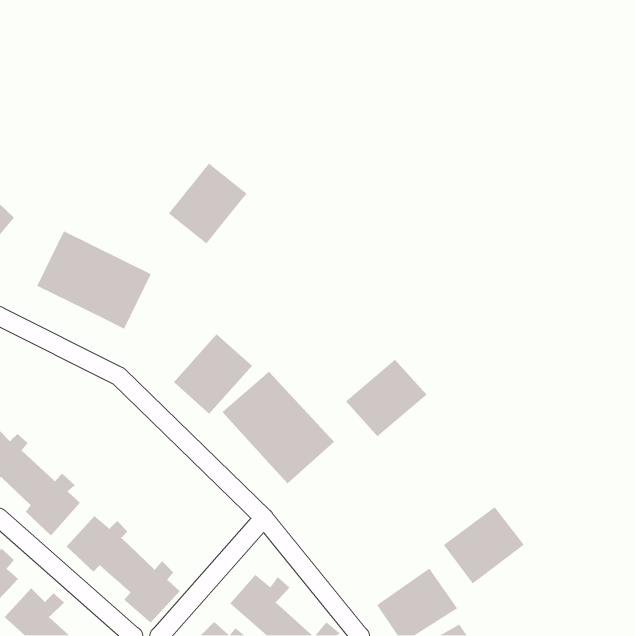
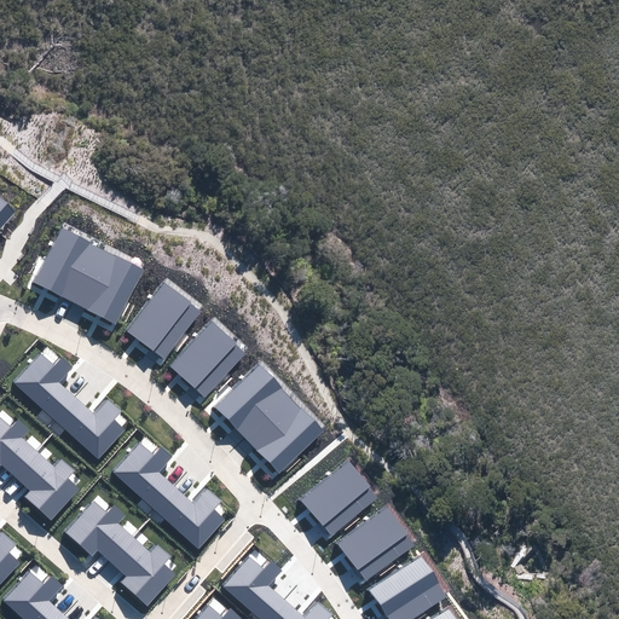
building: [168,162,248,245] -> [126,278,203,358]
building: [345,359,427,437] -> [297,458,377,534]
building: none -> [13,353,125,459]
building: none -> [112,442,224,549]
building: [443,506,525,585] -> [334,504,413,580]

